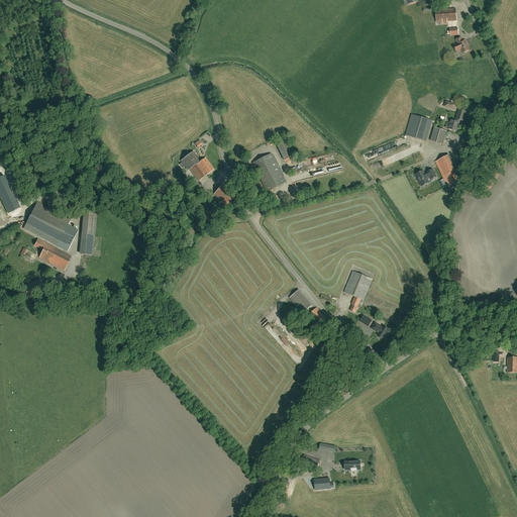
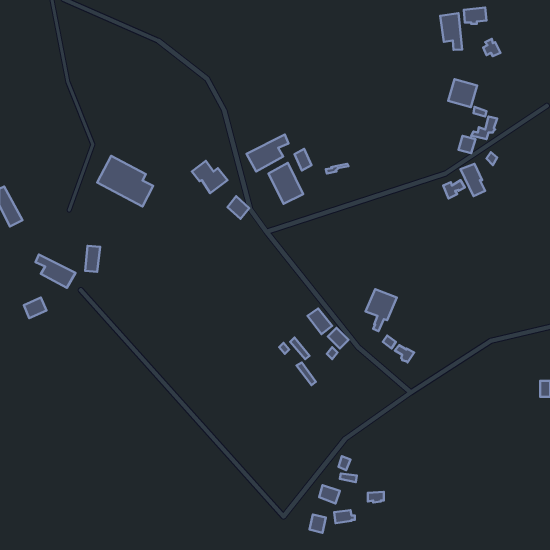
building: none -> [440,13,462,50]
building: [404,114,431,140] -> [448,79,477,107]
building: none -> [246,135,288,171]
building: [23,202,76,249] -> [97,156,153,206]

